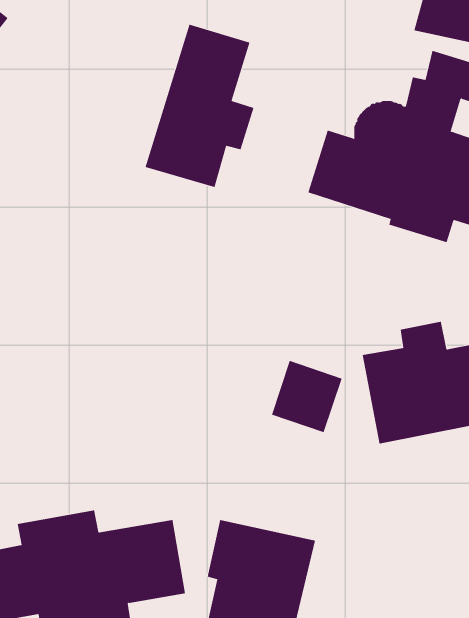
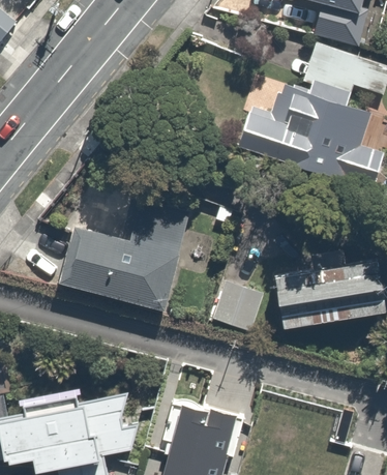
building: [145,24,254,188] -> none
building: none -> [62,200,188,306]

